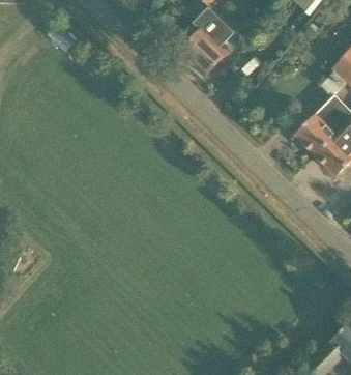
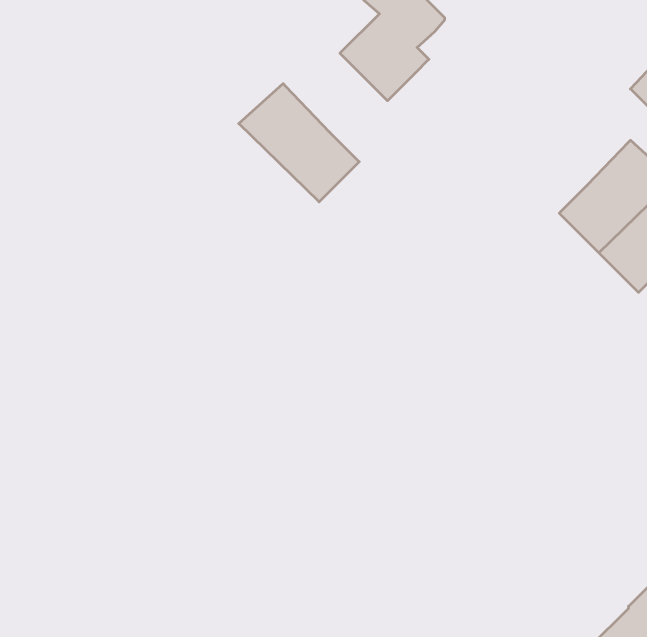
building: none -> [239,84,359,202]

